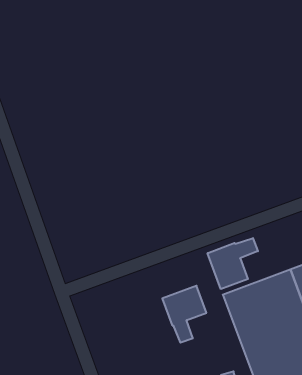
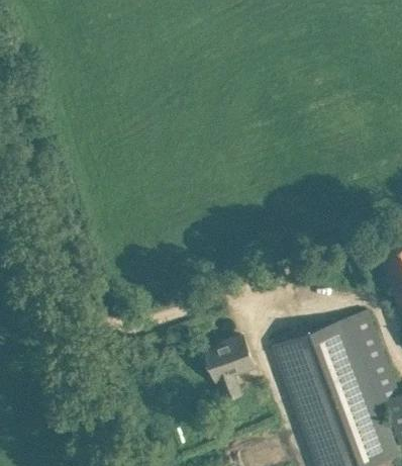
building: [208,238,258,289] -> none

